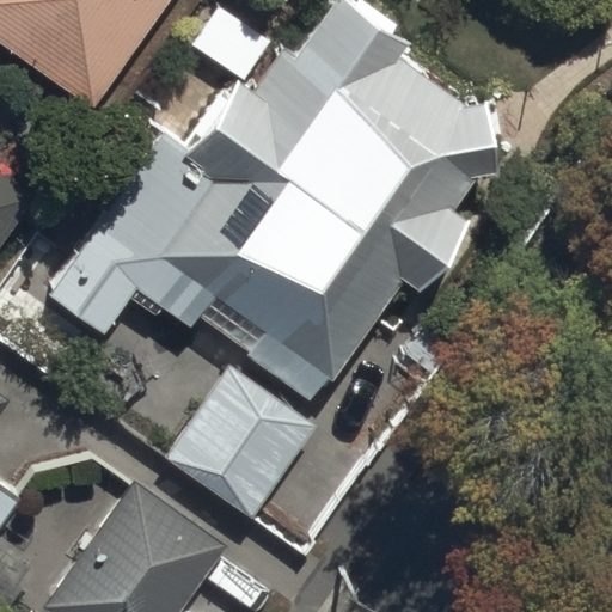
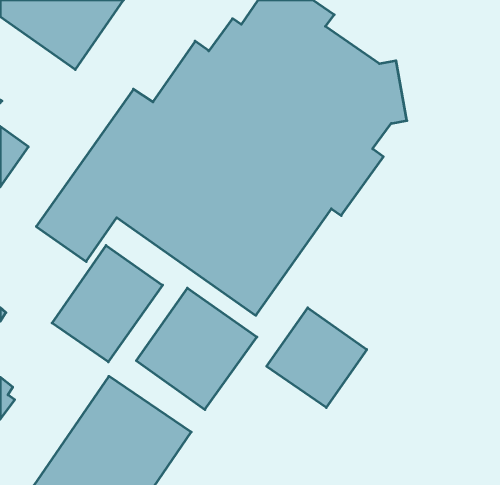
building: none -> [52,245,163,362]
building: none -> [267,308,367,408]

